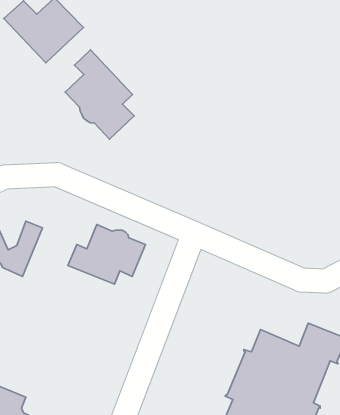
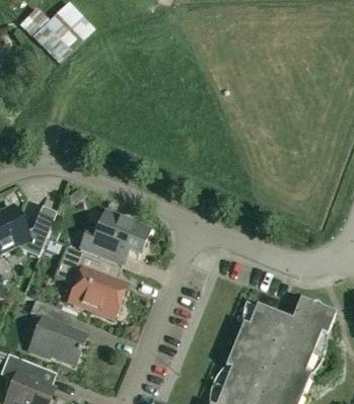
building: [65,50,134,139] -> none
building: none -> [54,246,127,317]
building: none -> [28,299,86,365]

